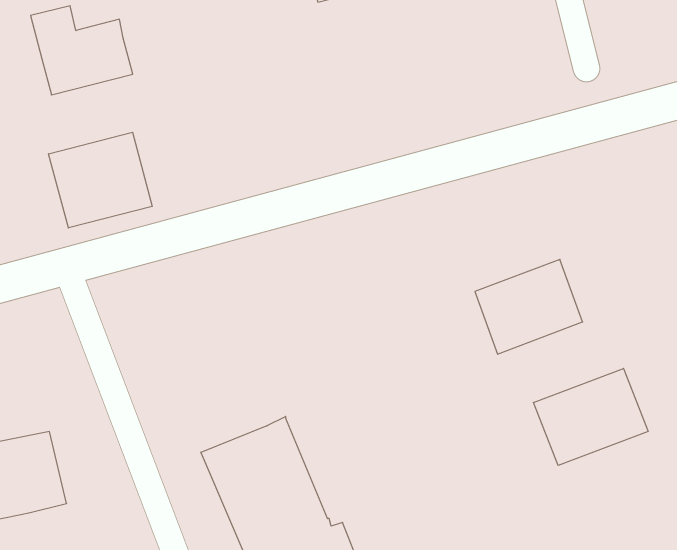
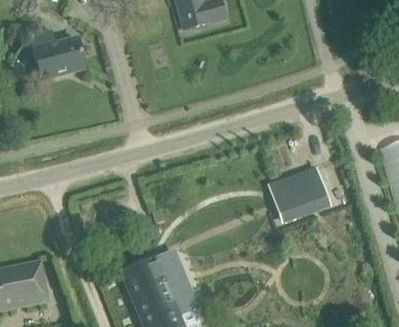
building: [49,132,152,228] -> none
building: [533,368,648,465] -> none

